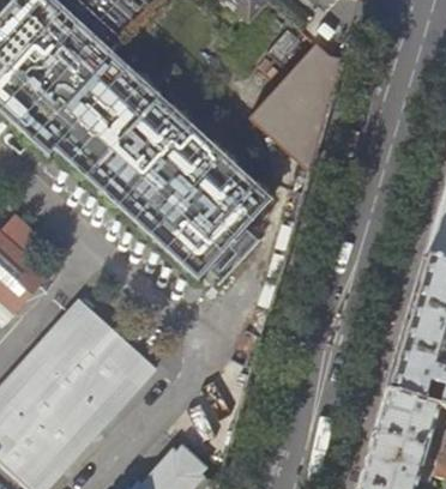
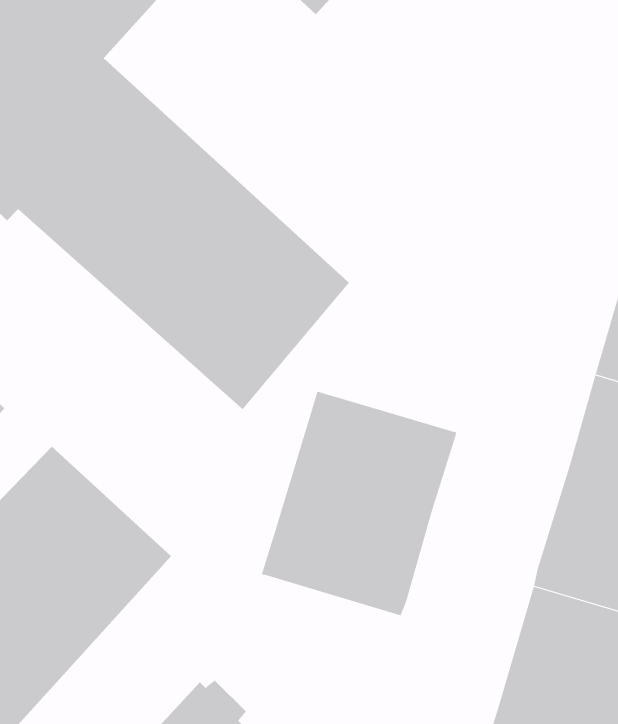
building: [252,49,344,177] -> none
building: none -> [261,391,457,616]

